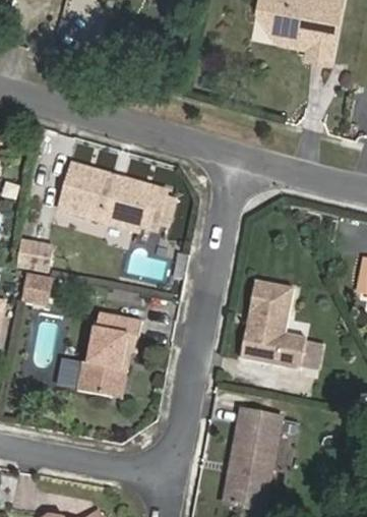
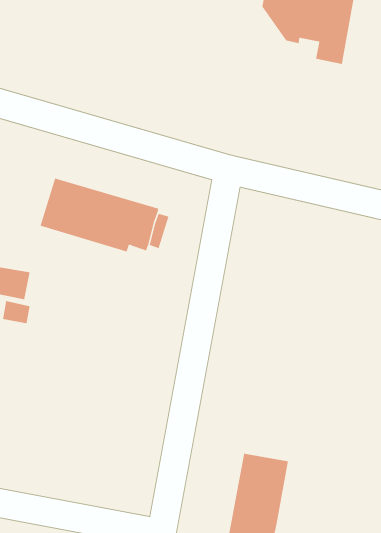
building: [238,278,305,369] -> none
building: [74,310,140,396] -> none

